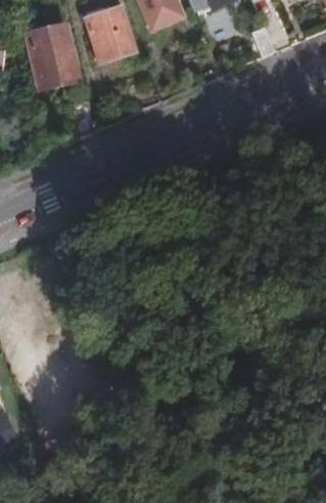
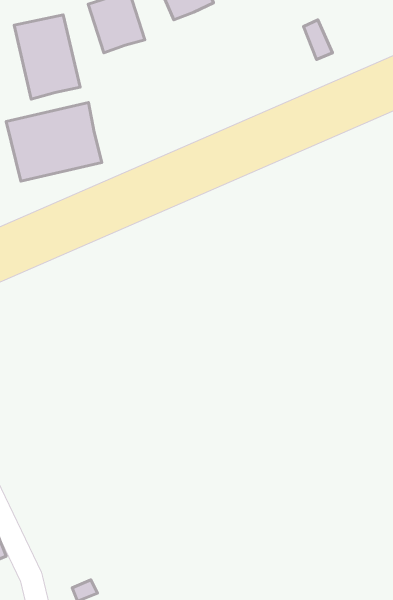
building: none -> [6,102,102,181]

